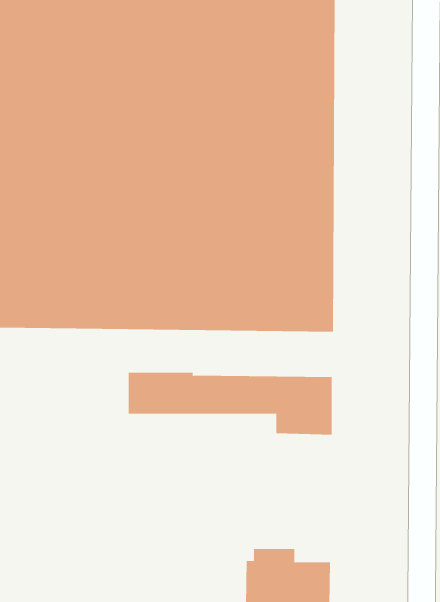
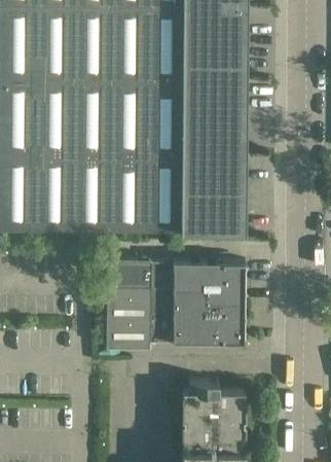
building: none -> [104,287,245,348]

